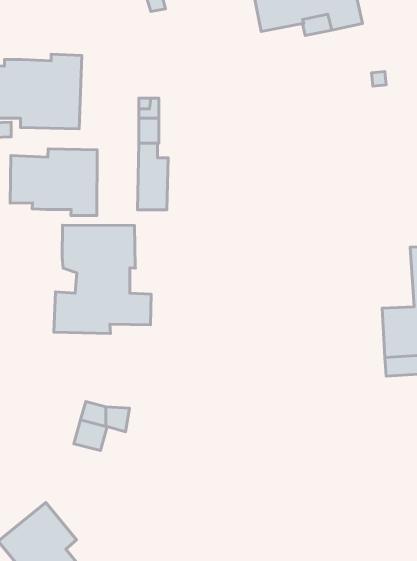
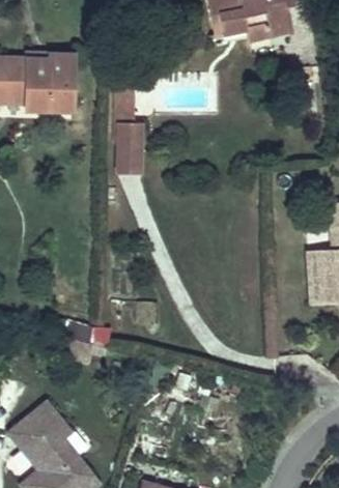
building: [10,149,97,216] -> none
building: [54,225,151,333] -> none

